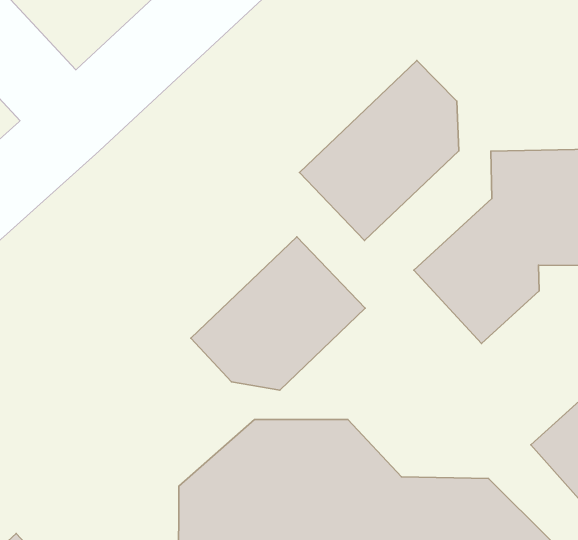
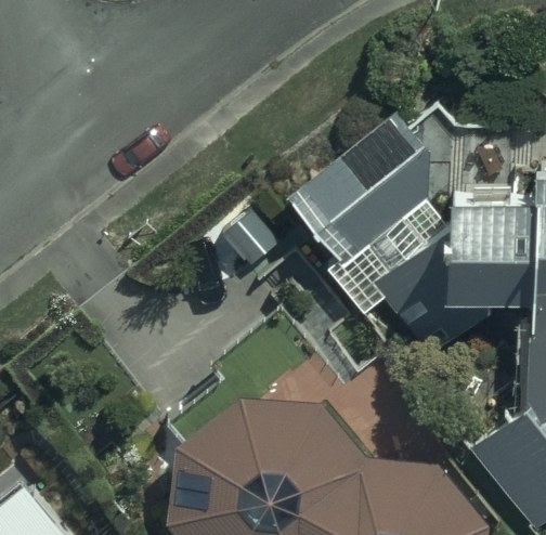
building: [191,237,365,390] -> none

